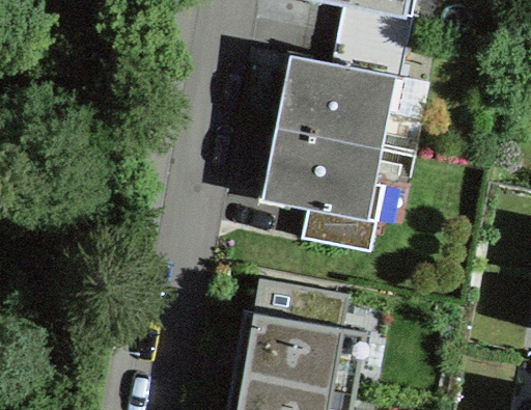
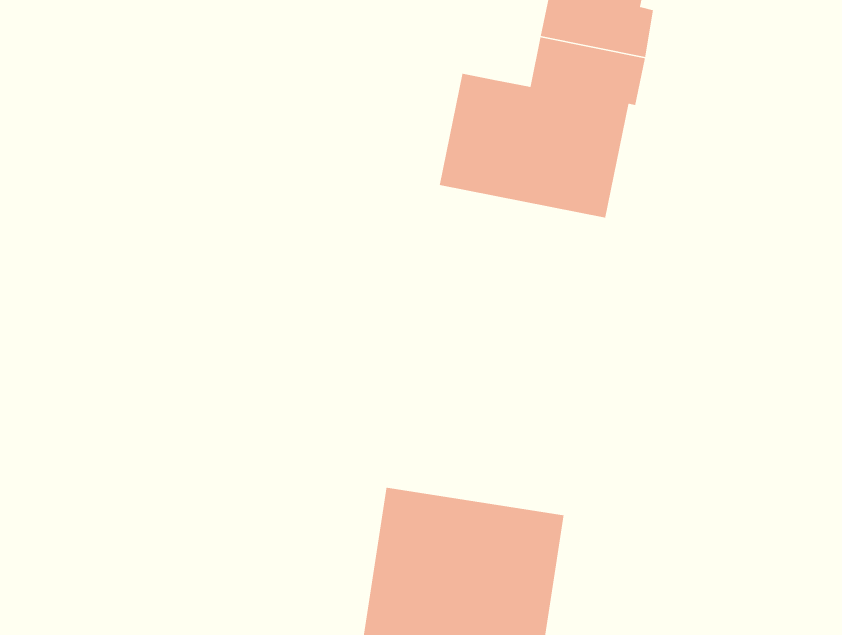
building: [263,126,382,250] -> none

